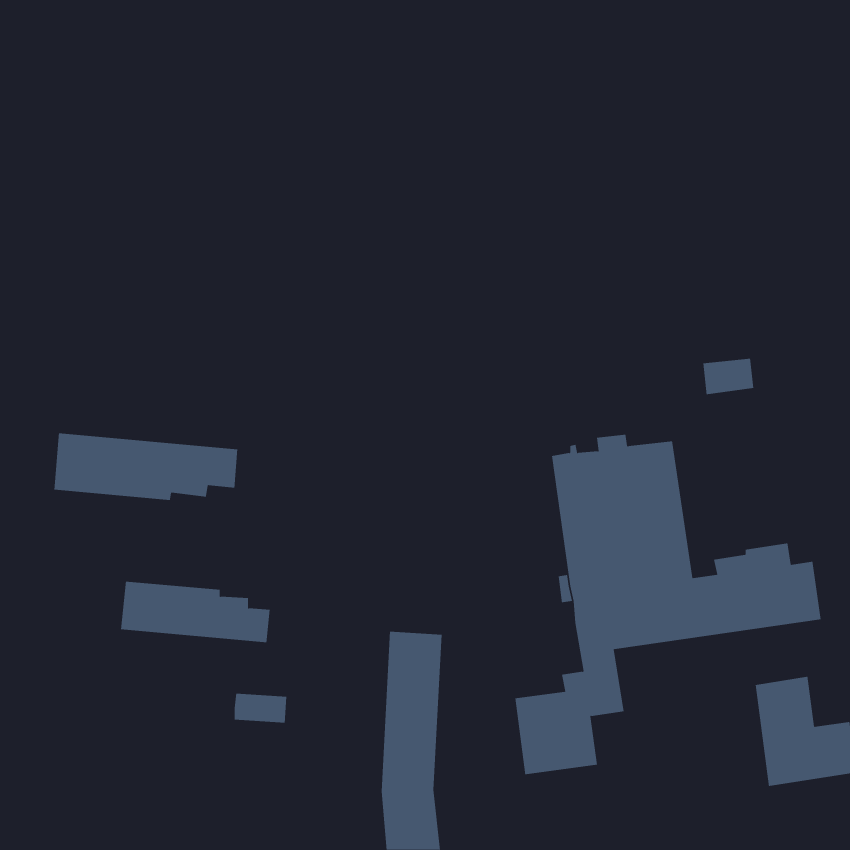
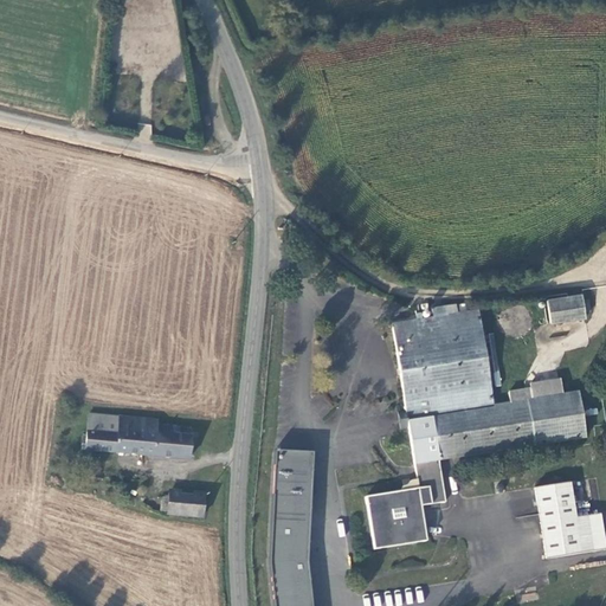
building: [702,358,754,395] -> [549,295,586,321]
building: [54,433,238,501] -> none

